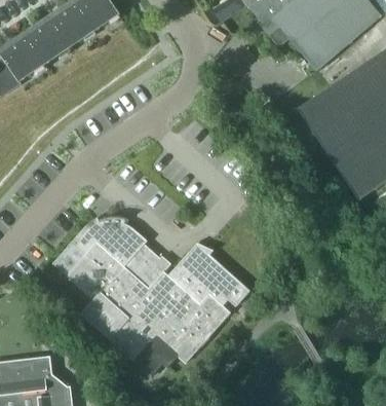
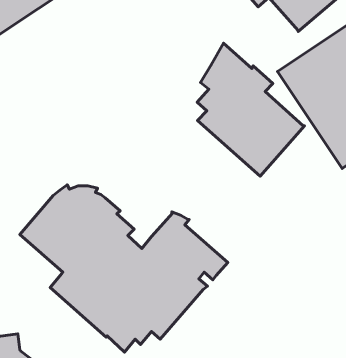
building: none -> [197,43,304,176]

